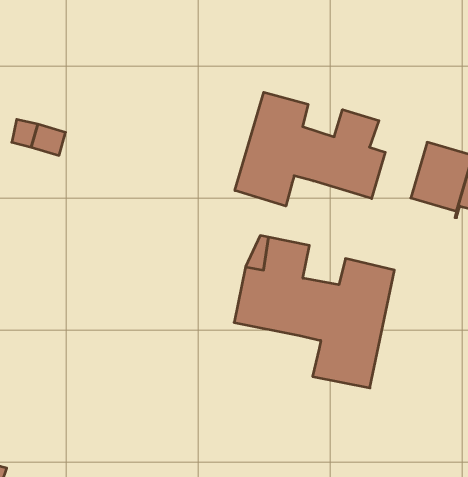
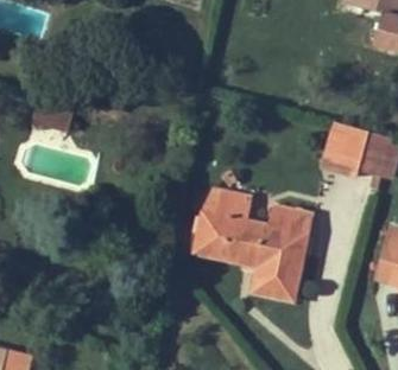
building: [235,92,385,206] -> none

